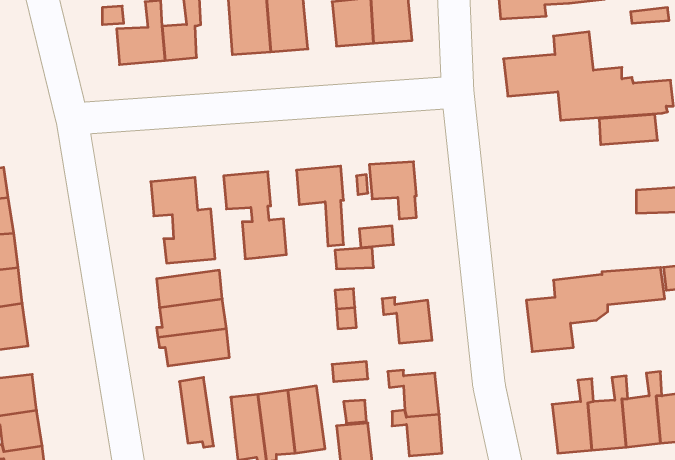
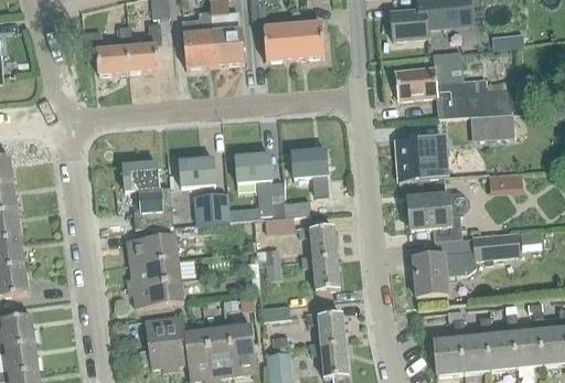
building: none -> [396,138,448,180]
building: none -> [406,192,470,241]
building: none -> [298,224,337,260]
building: none -> [163,315,188,370]

